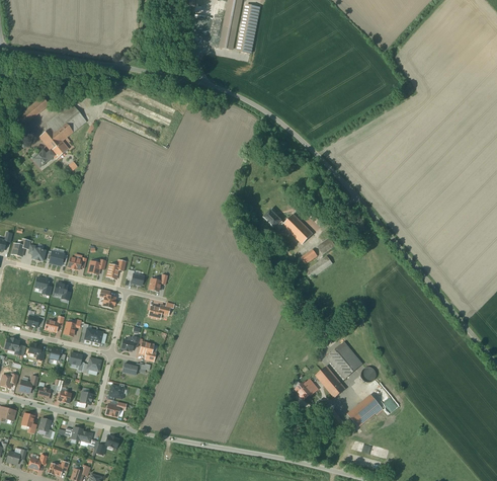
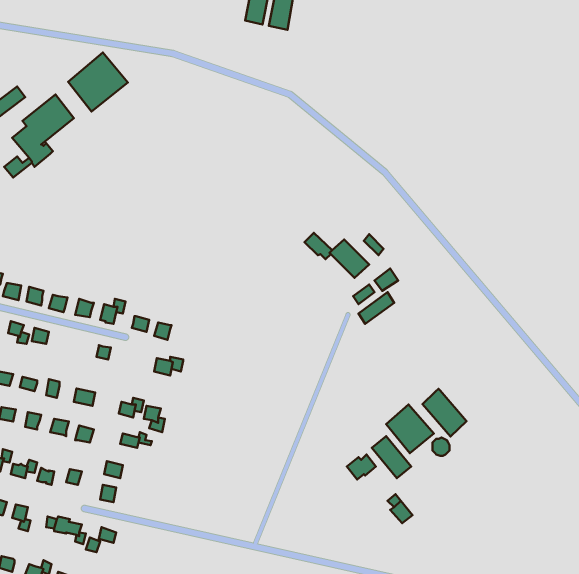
building: none -> [68,53,128,112]
building: none -> [423,389,466,437]
building: [347,395,383,426] -> none

